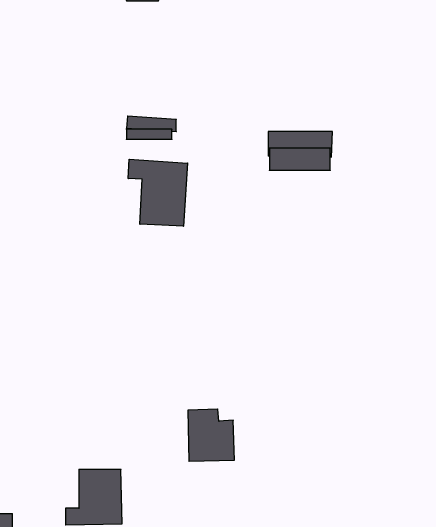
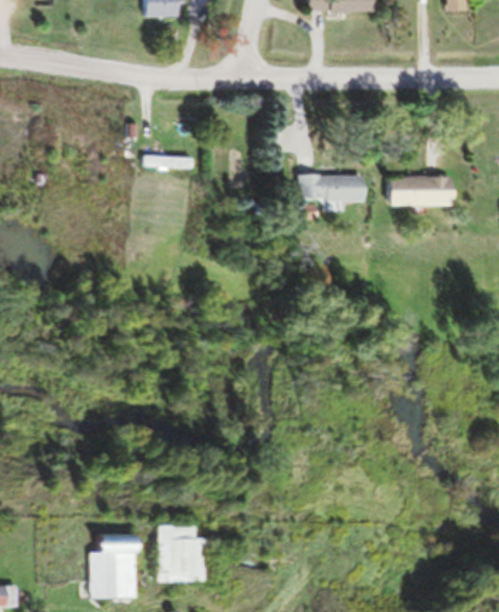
building: none -> [386,173,452,204]
building: [128,159,188,226] -> none
building: [188,409,234,461] -> [155,522,206,578]

